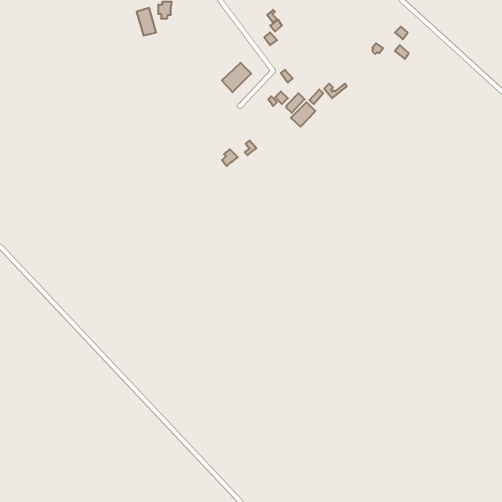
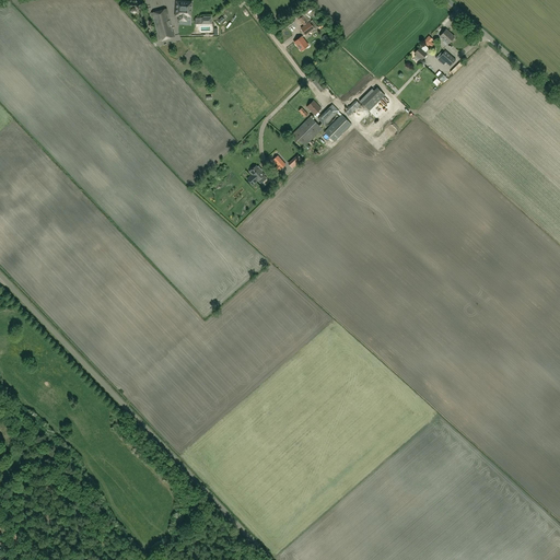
building: [222,63,251,92] -> [290,116,323,149]

